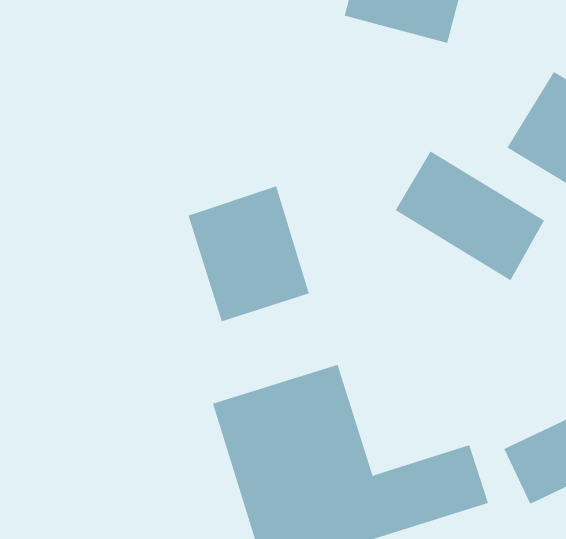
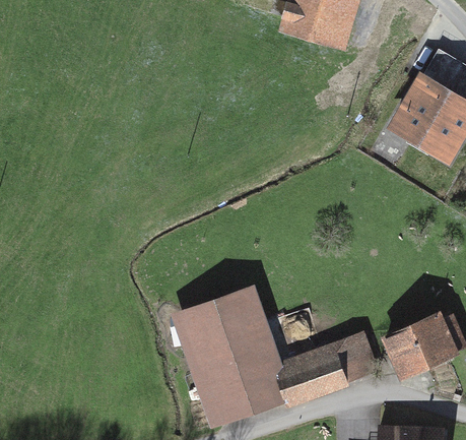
building: [395,151,545,281] -> none
building: [188,185,310,322] -> none

